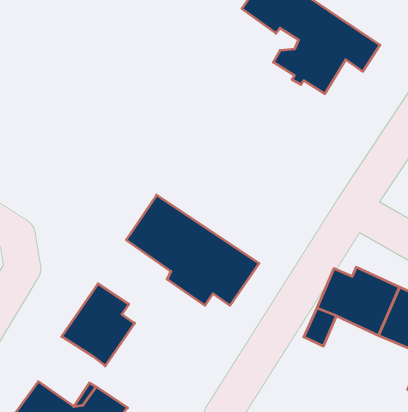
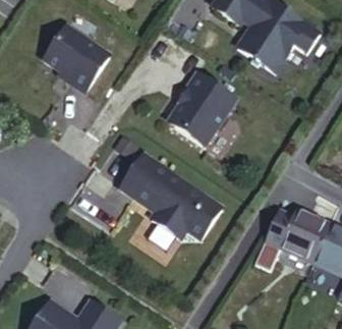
building: none -> [44,25,110,92]
building: none -> [173,73,237,147]
building: [62,284,135,366] -> none

